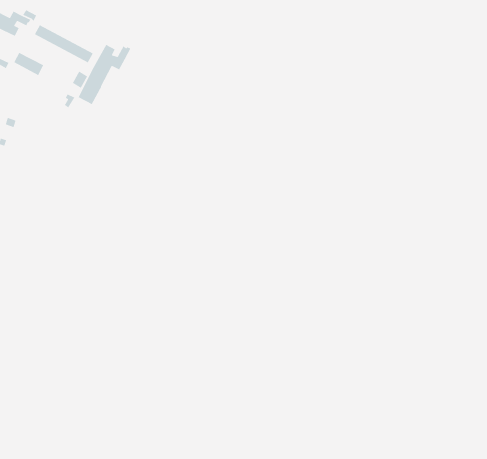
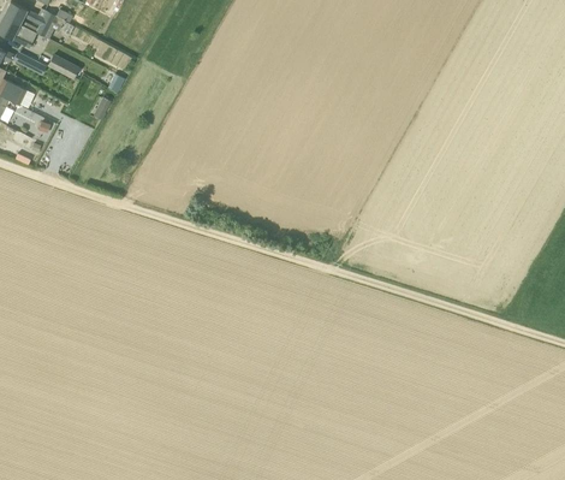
building: [78,44,132,105] -> none

